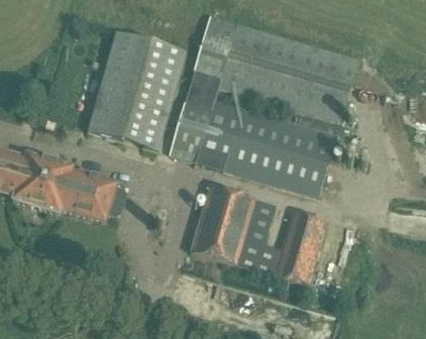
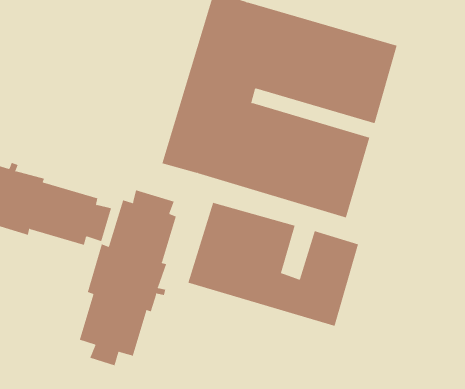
building: [88,31,186,150] -> none
building: none -> [79,190,177,366]

